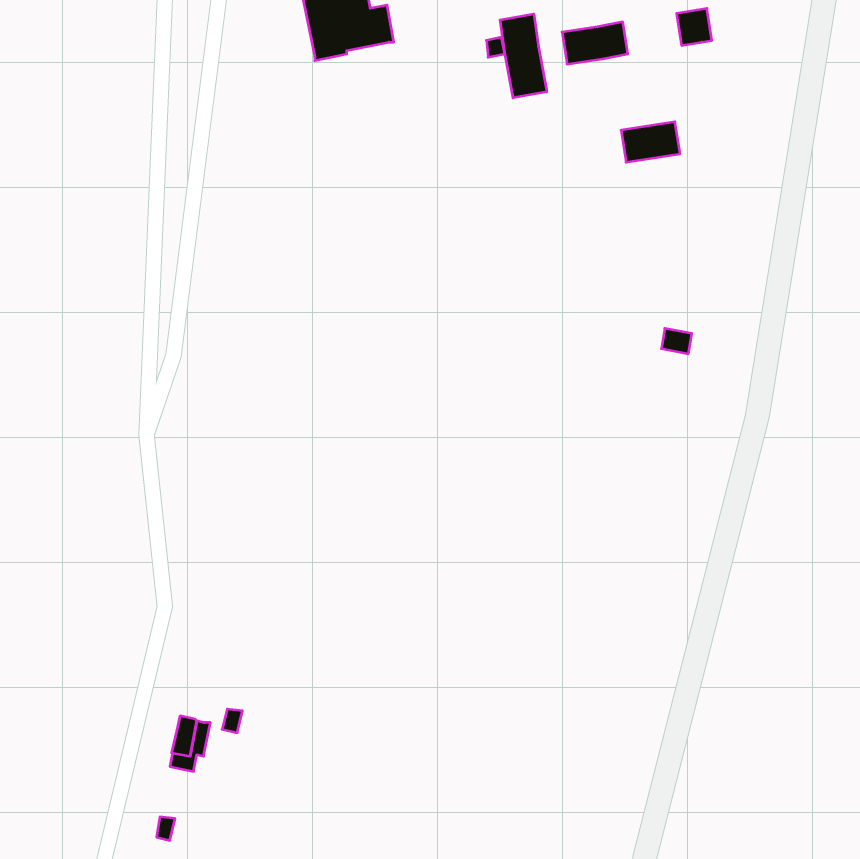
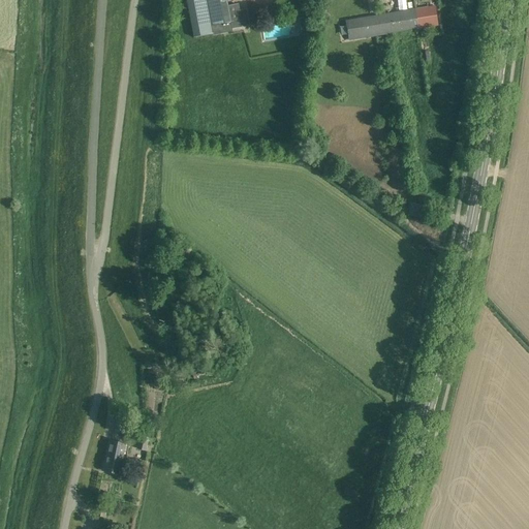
building: [500,14,547,98] -> none
building: [621,122,680,162] -> [382,8,418,33]

